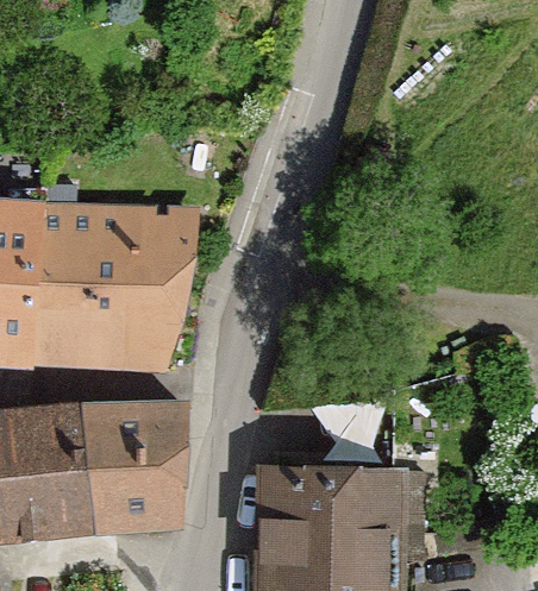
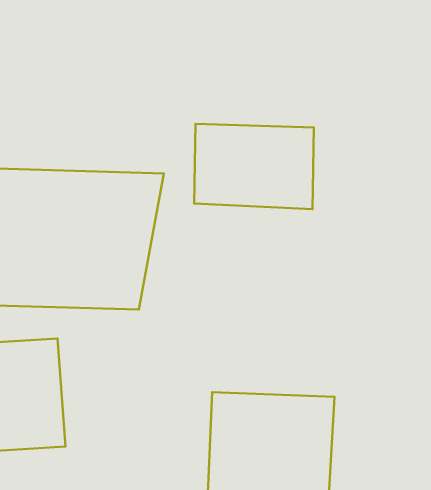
building: none -> [194,124,314,209]
building: [74,400,171,535] -> none

